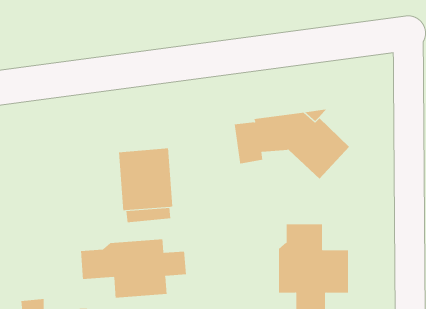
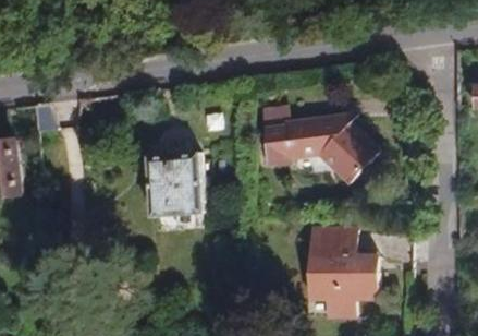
building: [80,238,186,298] -> none

